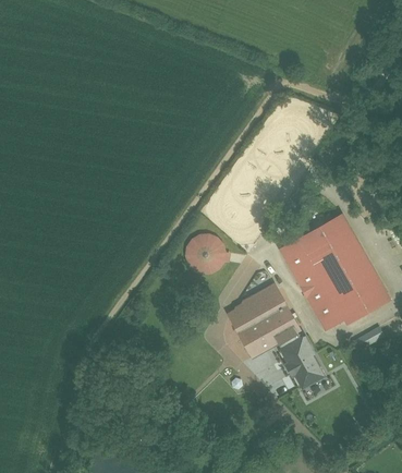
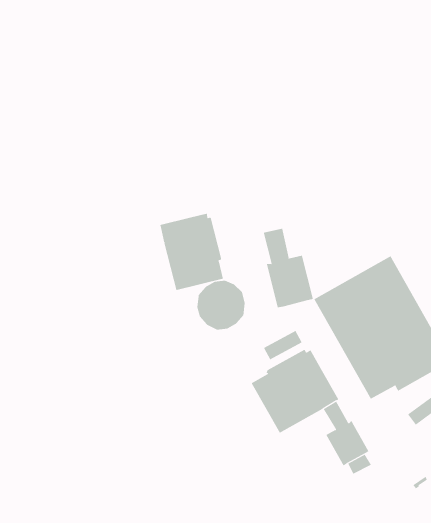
building: none -> [160,213,223,291]
building: none -> [263,228,314,308]

